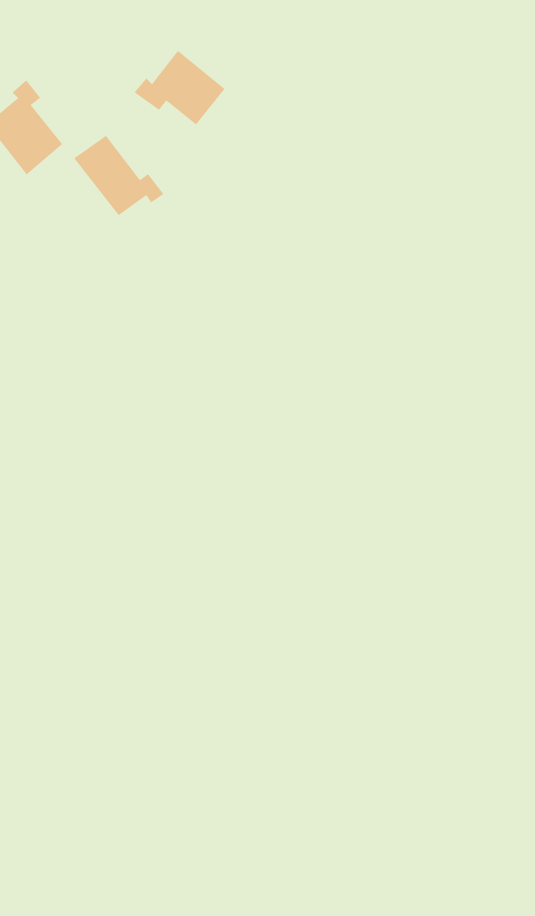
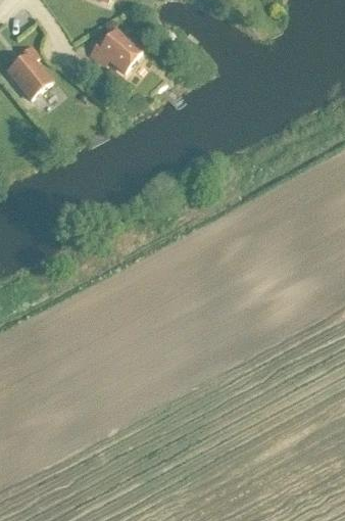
building: [73,135,164,216] -> none

